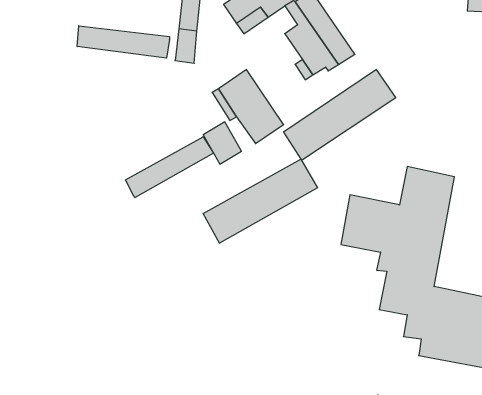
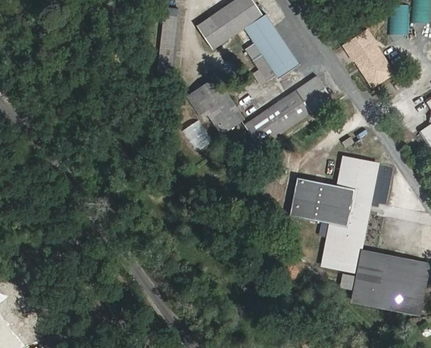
building: none -> [341,28,394,89]
building: [77,26,169,58] -> none
building: [125,137,214,198] -> none
building: [203,159,318,243] -> none

